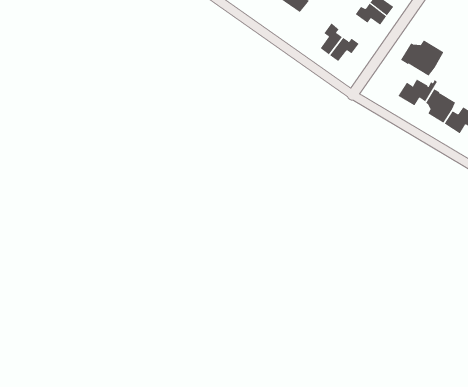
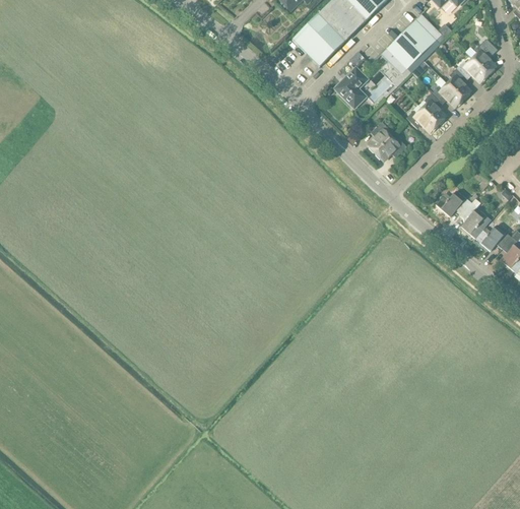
building: [400,39,444,77] -> none

